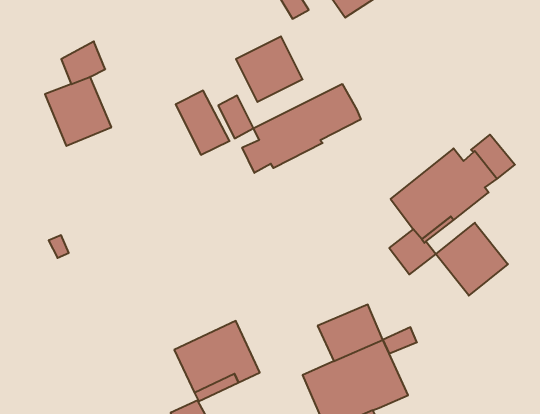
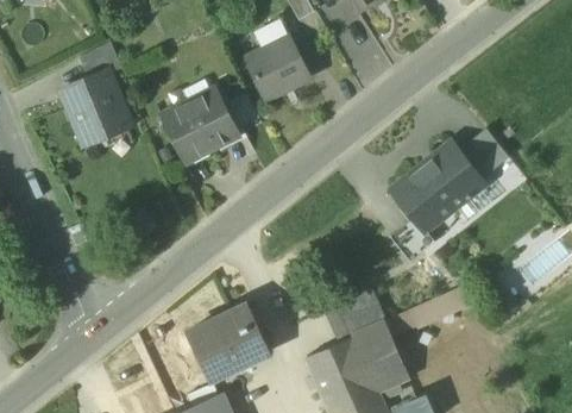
building: [242,84,361,173] -> none
building: none -> [163,101,213,163]
building: [436,223,508,296] -> none

